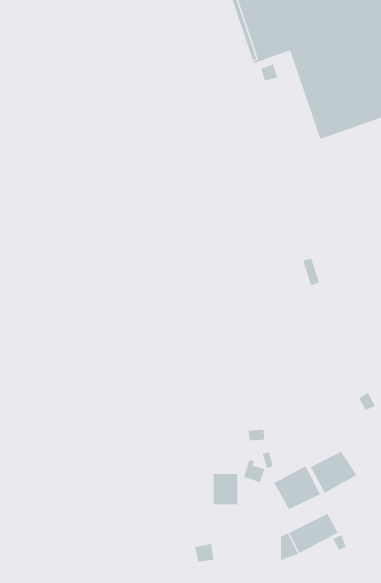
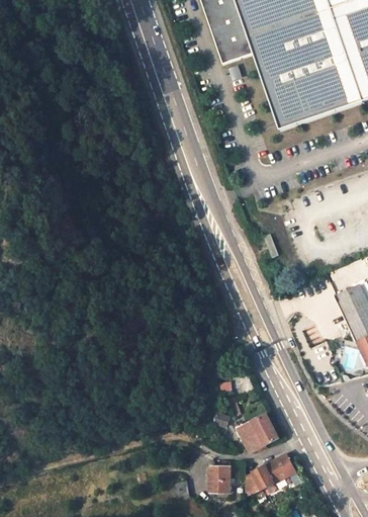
building: [310,451,357,494] -> none
building: [213,473,238,505] -> [207,464,229,492]

